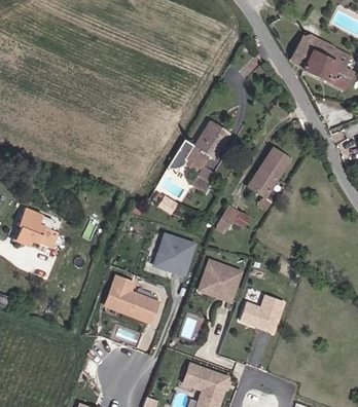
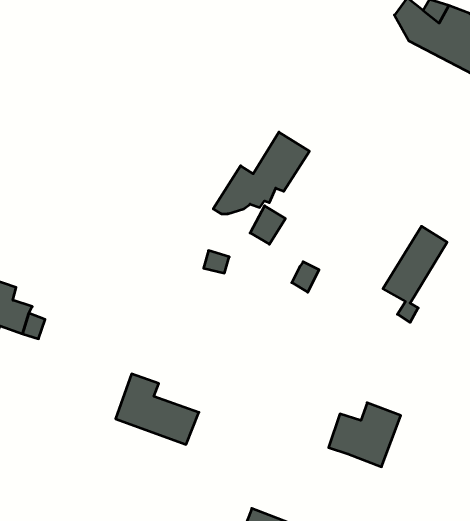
building: [247,147,288,209] -> [383,226,447,322]
building: [152,232,194,274] -> none
building: [196,259,244,306] -> none

